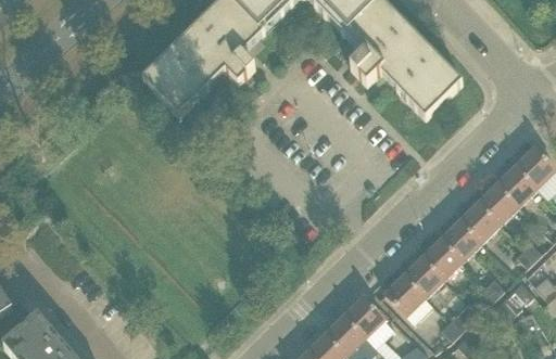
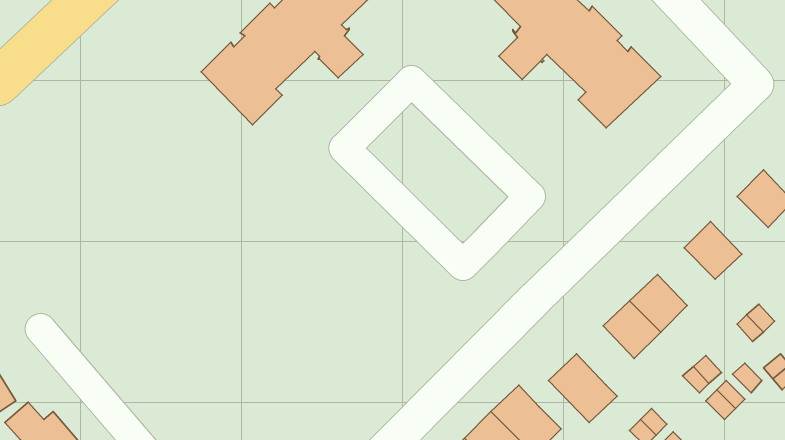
building: [498,165,539,205] -> none
building: [462,201,502,241] -> none
building: [405,255,445,296] -> none

